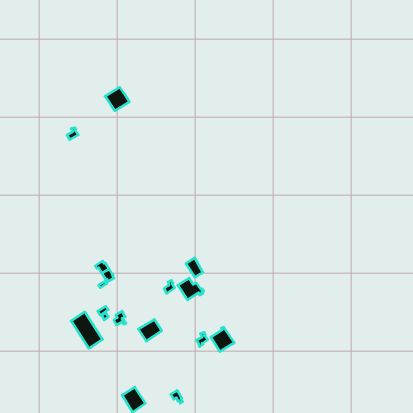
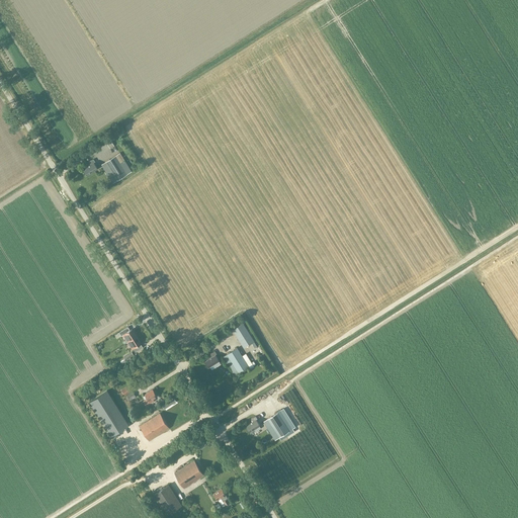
building: [105,87,129,111] -> [101,154,132,183]
building: [138,319,162,341] -> [140,414,169,441]
building: none -> [175,460,203,488]

